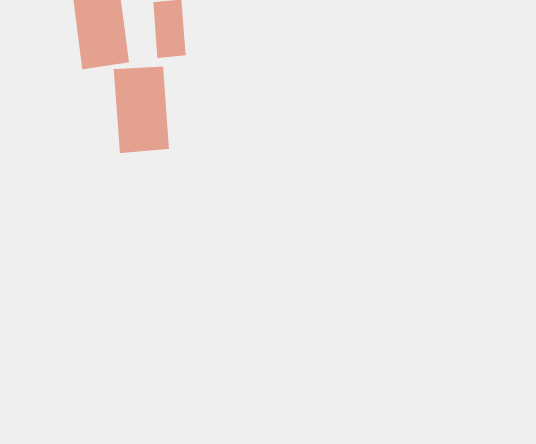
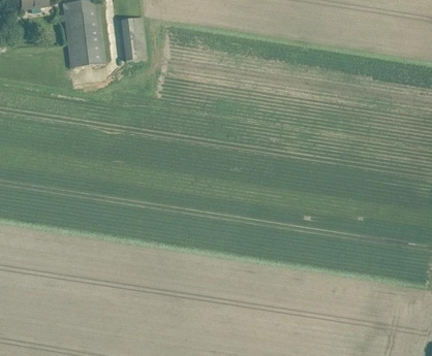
building: [113,66,170,154] -> none

